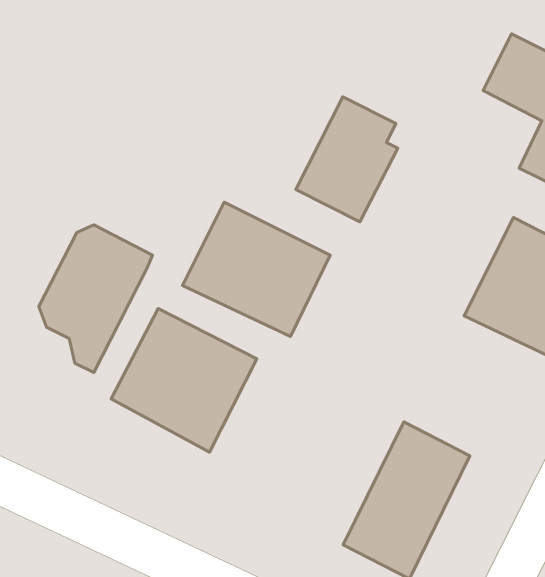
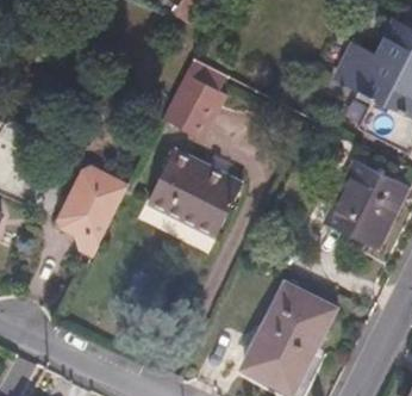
building: [296,97,398,222] -> [162,60,226,138]
building: [111,308,257,452] -> none

